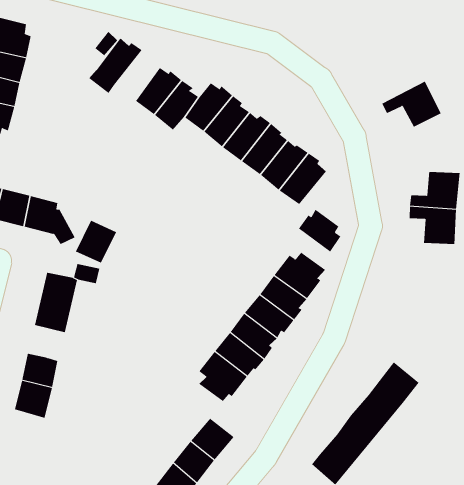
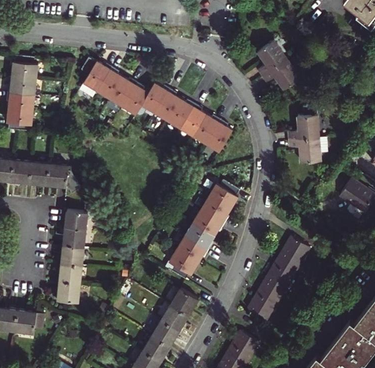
building: none -> [257,43,286,79]
building: none -> [94,67,120,99]
building: [298,209,341,252] -> none
building: [75,220,117,264] -> none
building: none -> [63,247,85,267]

